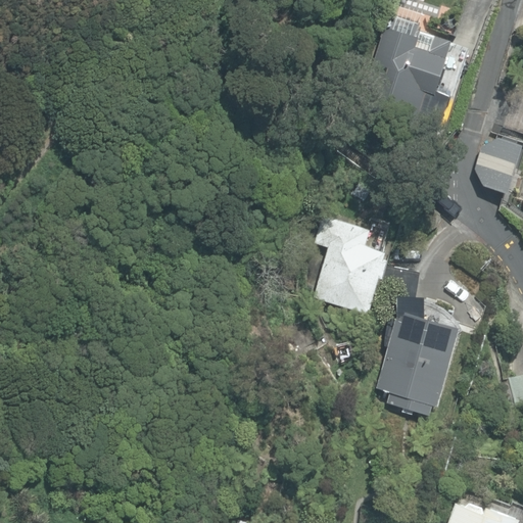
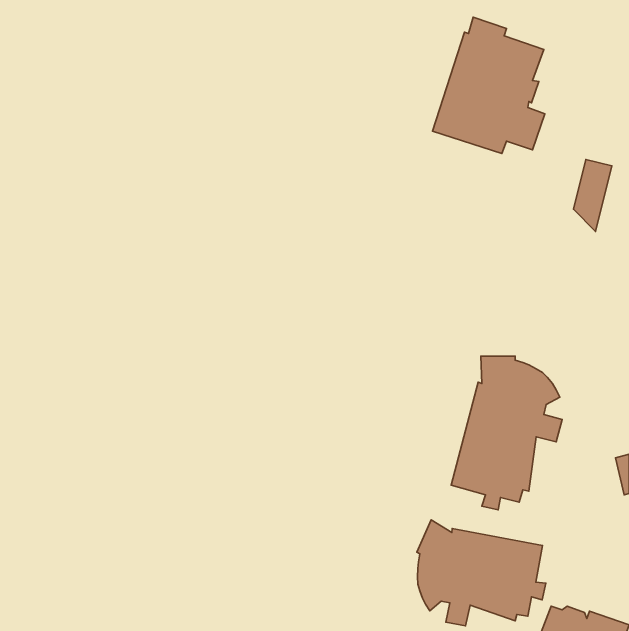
building: [313,218,389,331] -> none
building: none -> [417,520,546,626]

